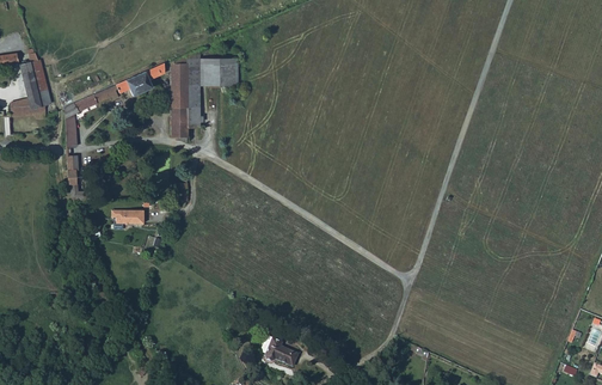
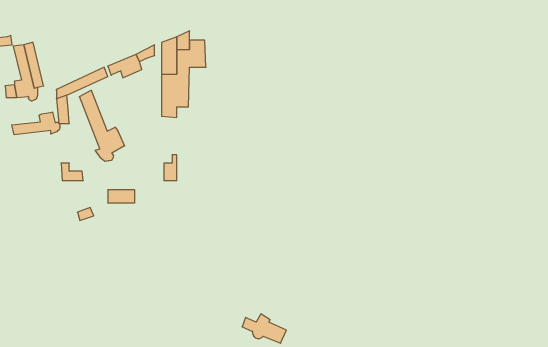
building: [215,57,238,85] -> none
building: none -> [80,90,125,161]
building: none -> [12,112,60,135]

